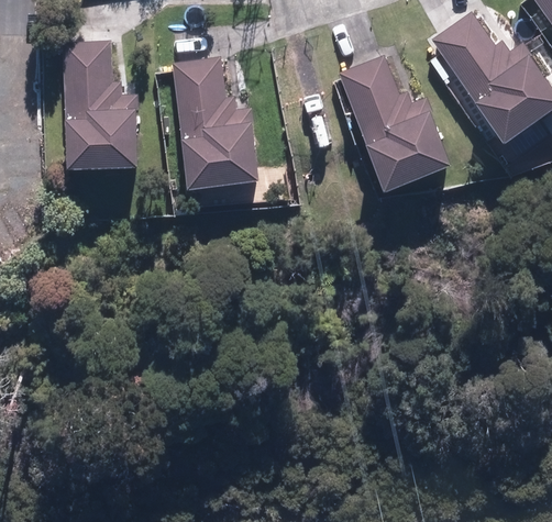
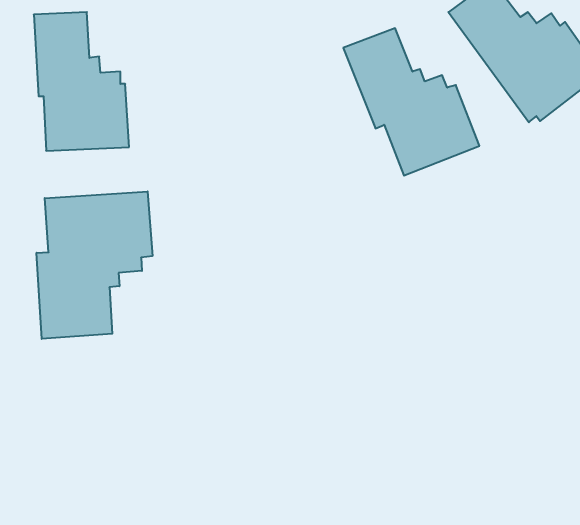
building: [170,59,266,186] -> none
building: none -> [37,191,152,339]

